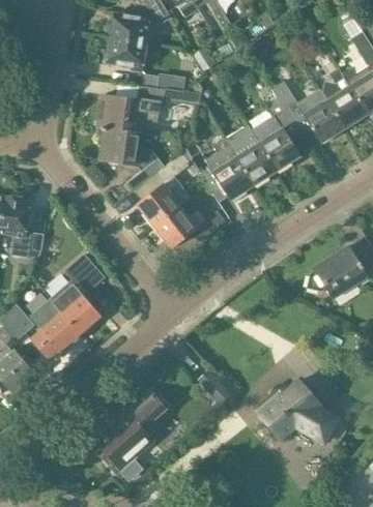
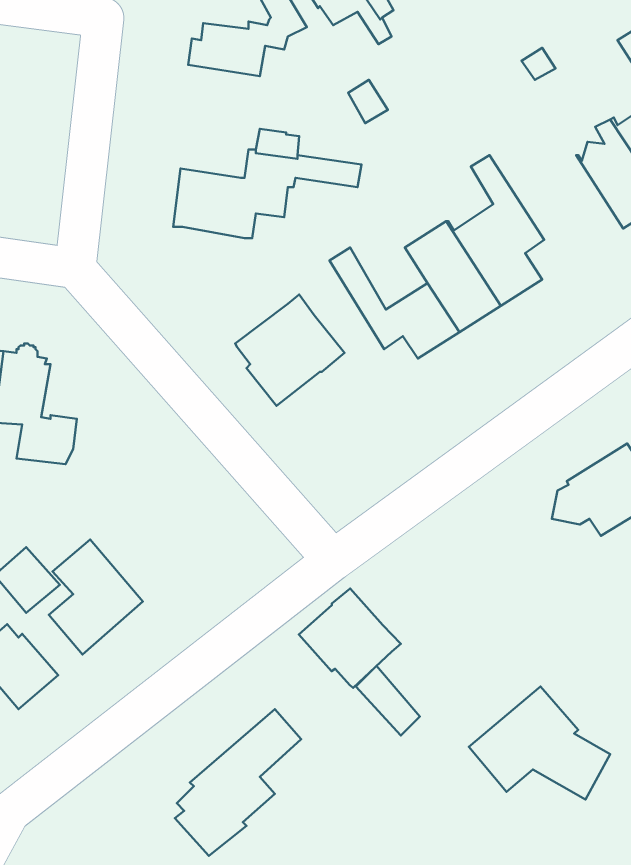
building: [104,38,145,71] -> none
building: [271,81,345,144] -> none
building: [101,127,167,191] -> none
building: [154,207,226,248] -> none
building: [52,256,104,333] -> none
building: none -> [299,588,401,688]

